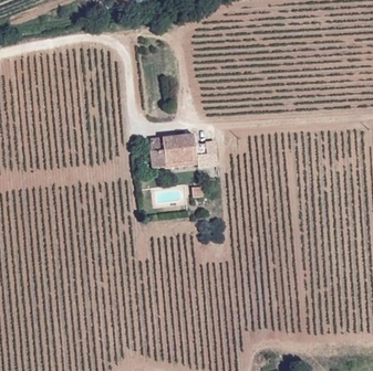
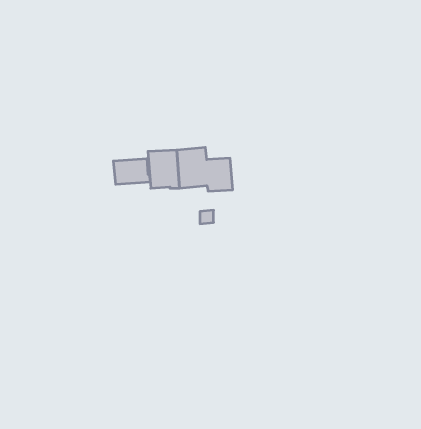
building: none -> [113,159,150,184]

